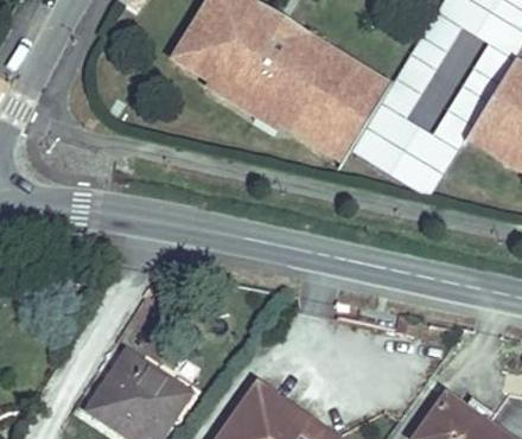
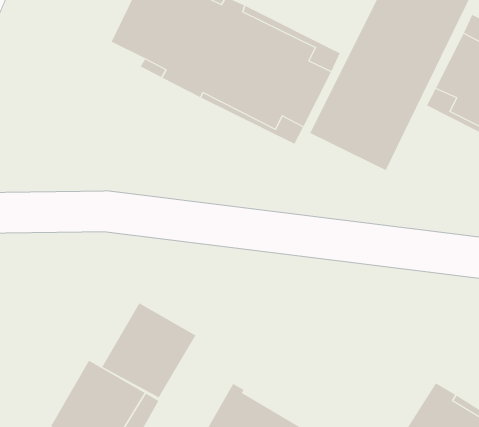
building: none -> [101,302,196,398]

